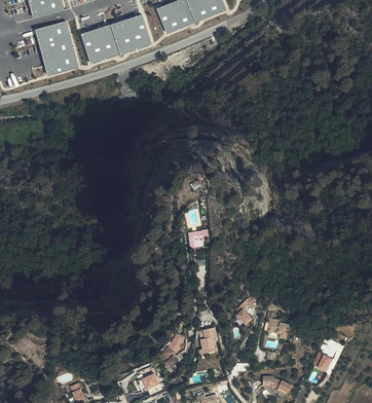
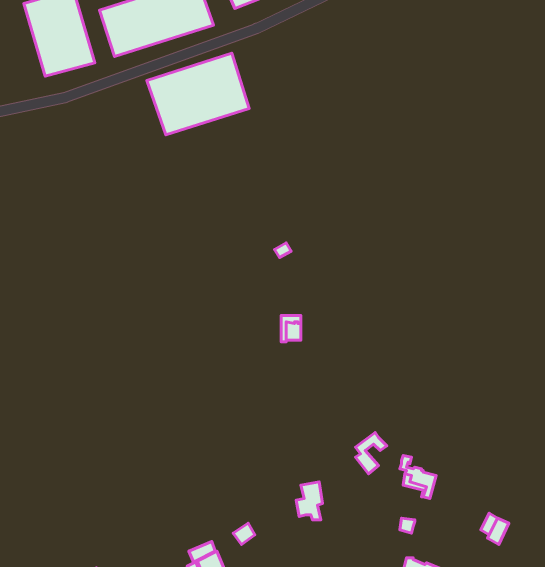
building: none -> [147,53,249,135]

